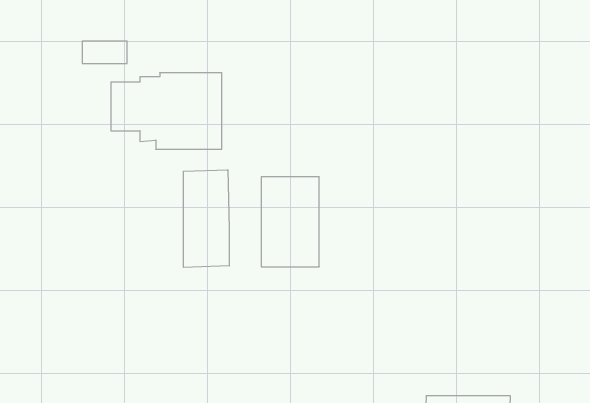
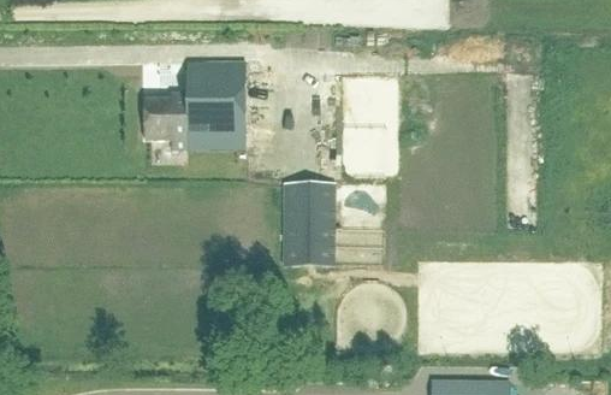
building: [82,41,127,63] -> [188,61,229,82]
building: [183,170,229,267] -> none

